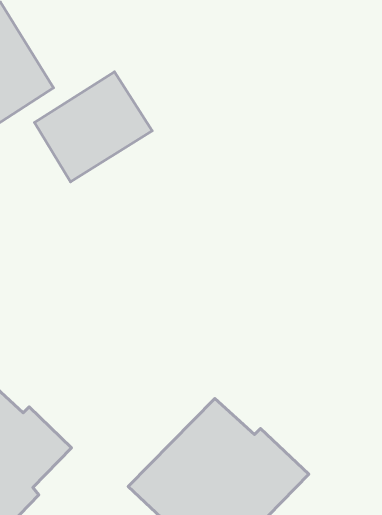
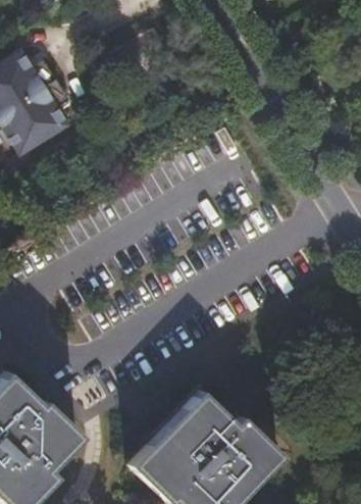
building: [34,72,152,182] -> none

